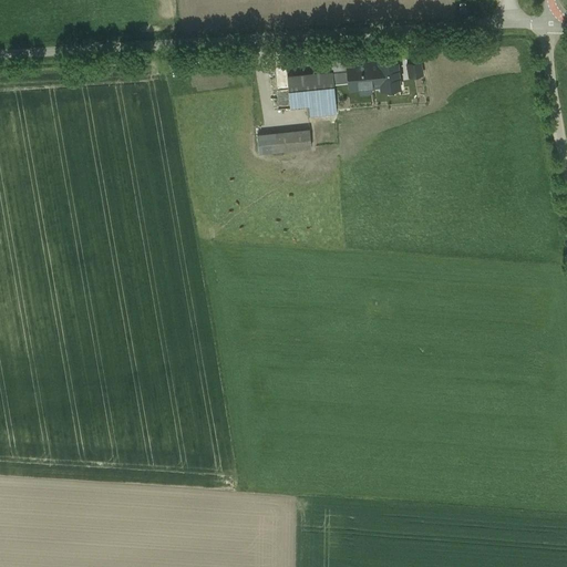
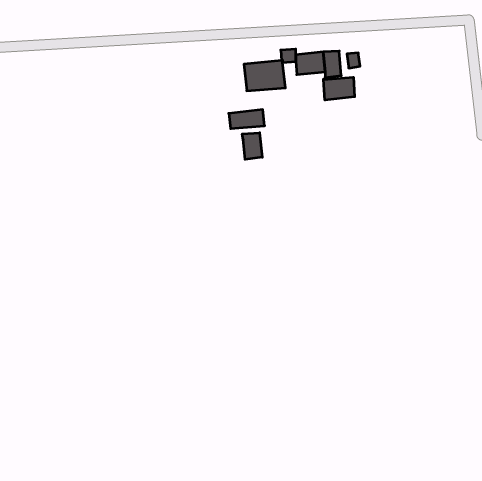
building: none -> [323,77,355,100]
building: none -> [242,133,262,159]

